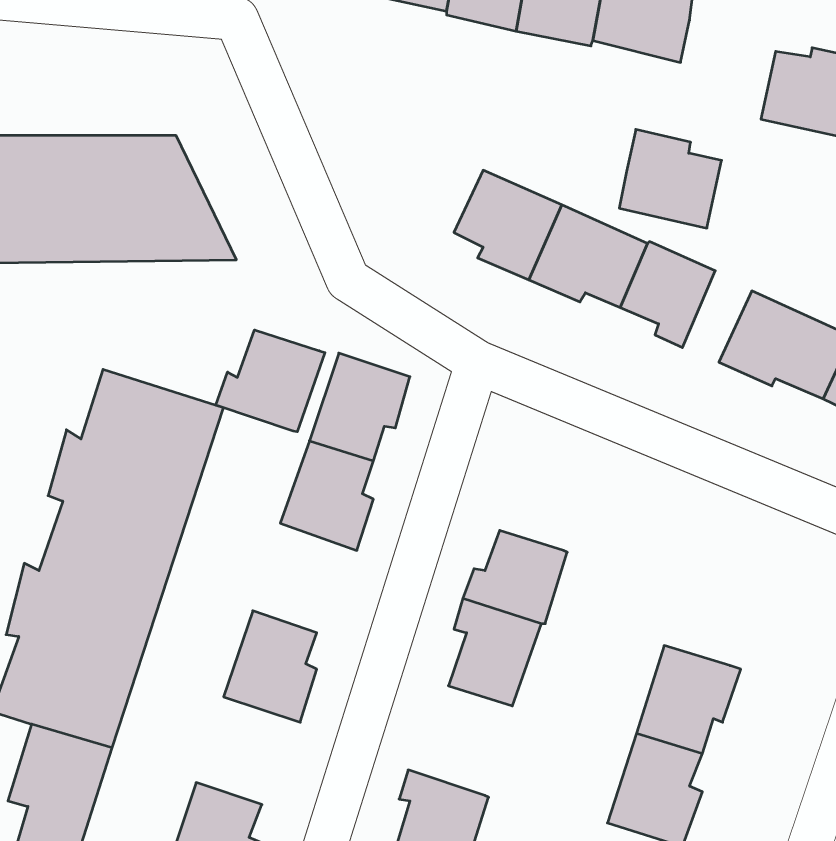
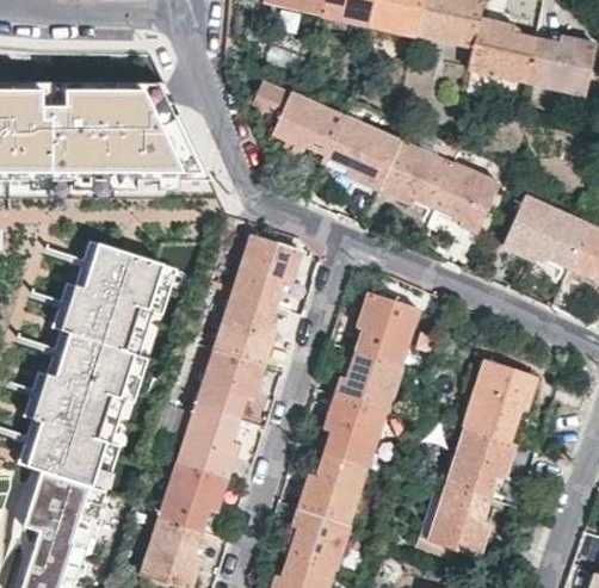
building: none -> [249,79,346,165]
building: [619,129,722,228] -> [470,18,537,82]
building: [216,330,325,432] -> none
building: none -> [356,291,416,364]
building: none -> [196,346,264,417]
building: none -> [462,358,535,439]
building: none -> [297,452,365,524]
building: none -> [159,459,227,530]

